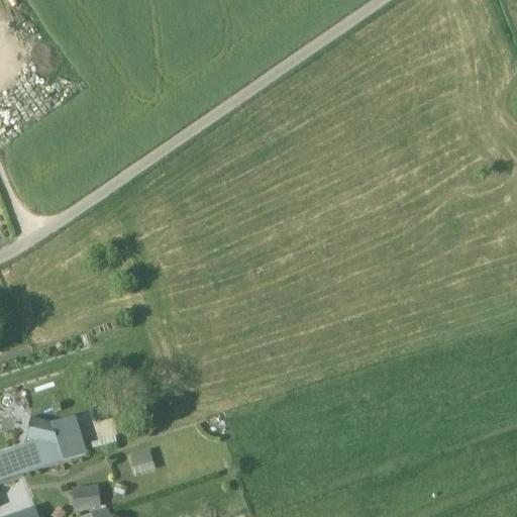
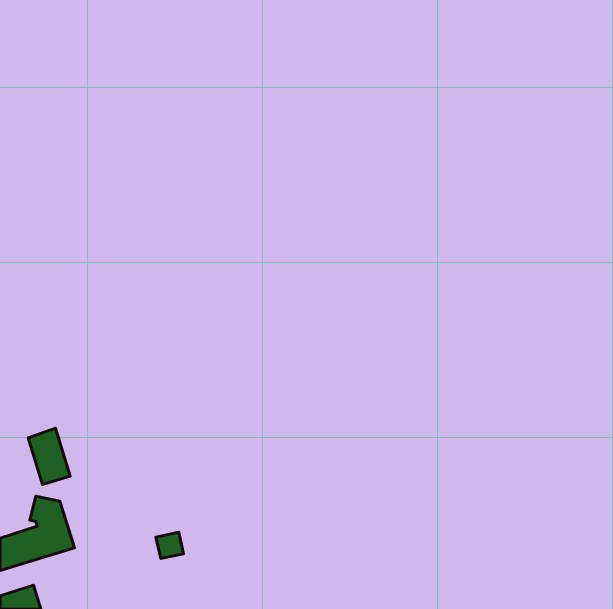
building: [50,414,86,461] -> [28,428,70,484]
building: [71,484,99,508] -> none

